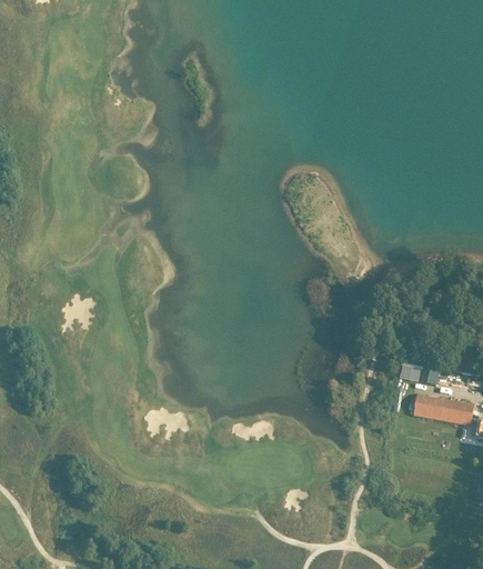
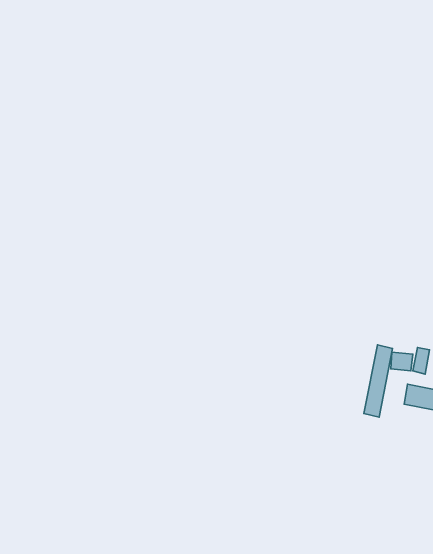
building: none -> [364,345,393,417]

